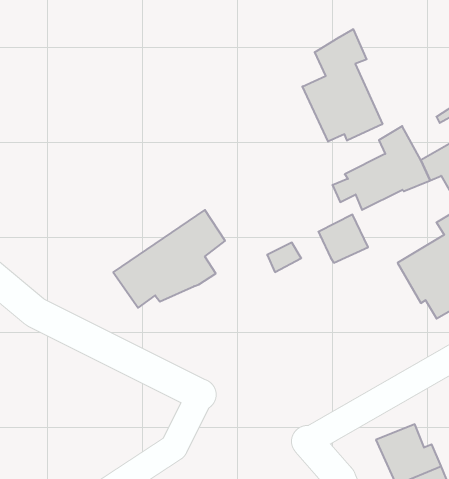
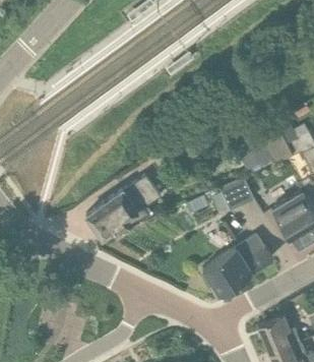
building: [302,29,382,142] -> none
building: none -> [203,236,273,295]

